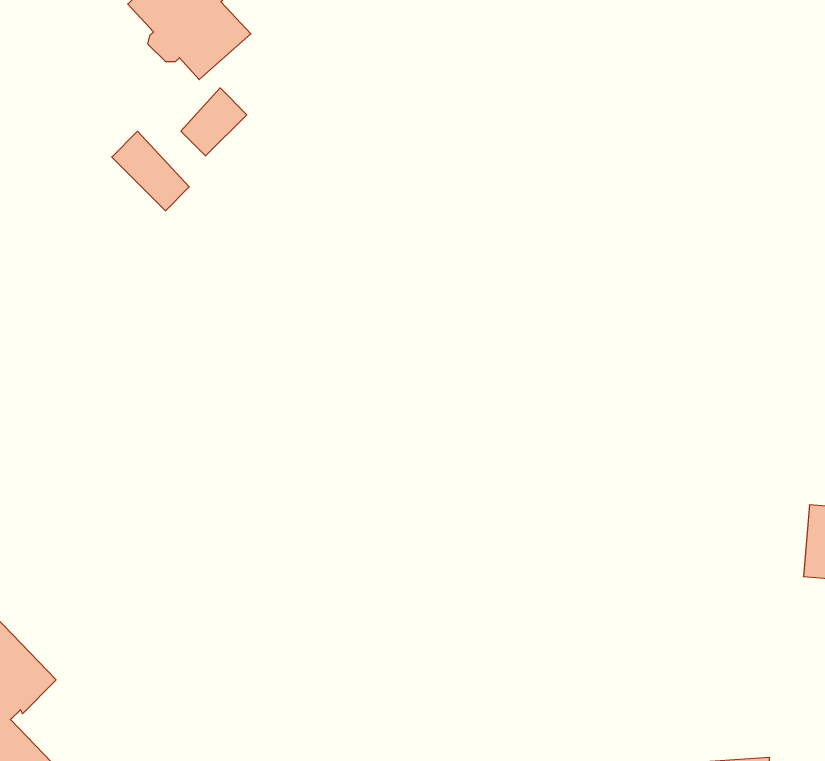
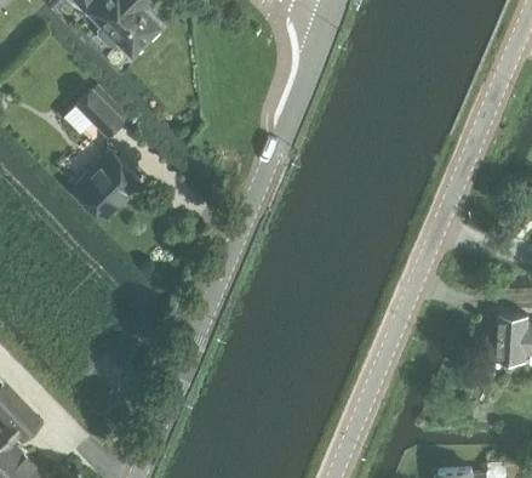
building: [181,88,247,156] -> none
building: none -> [71,150,141,220]

